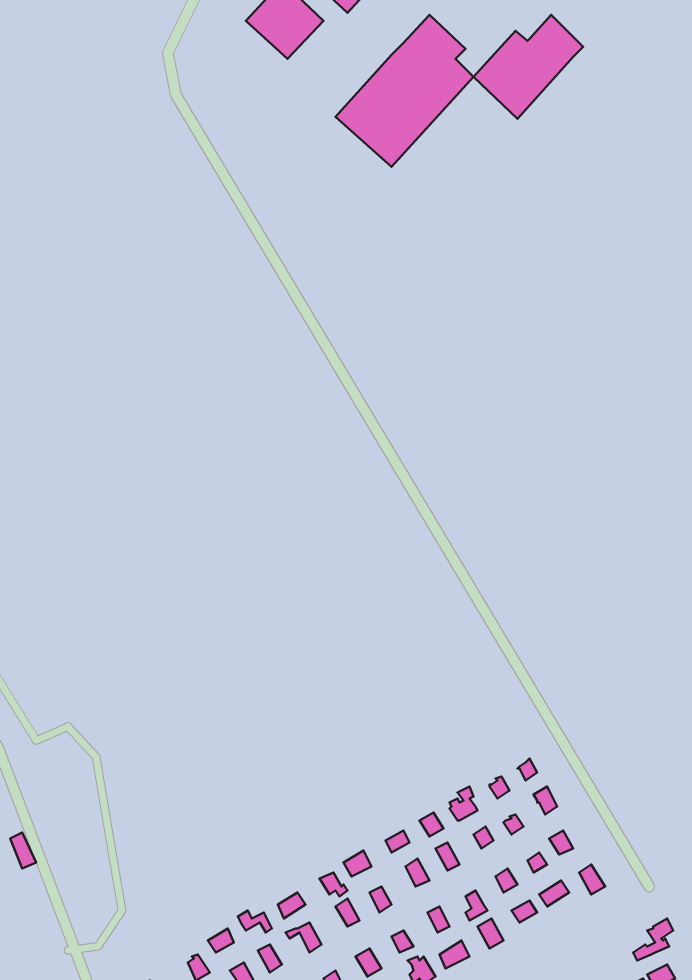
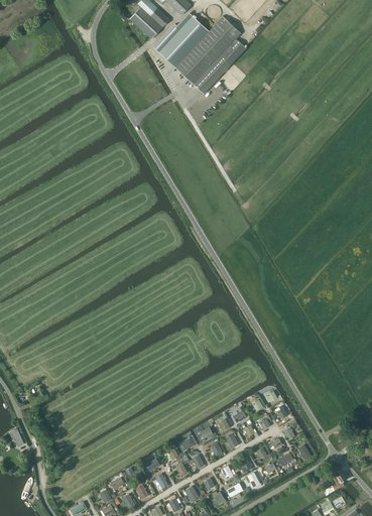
building: [473,15,583,119] -> [153,15,209,68]

